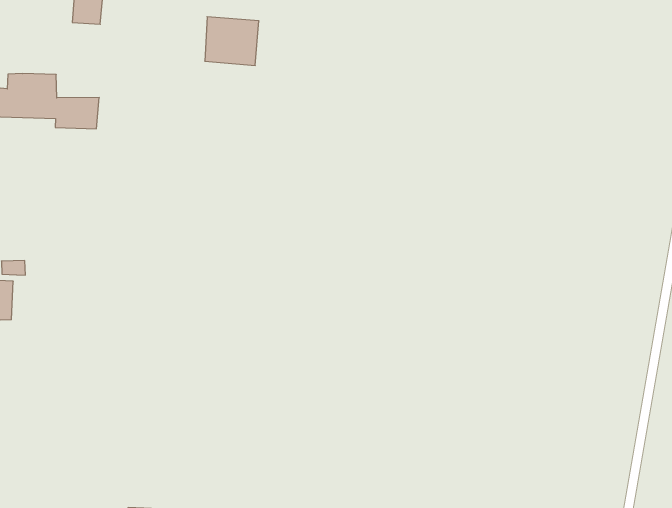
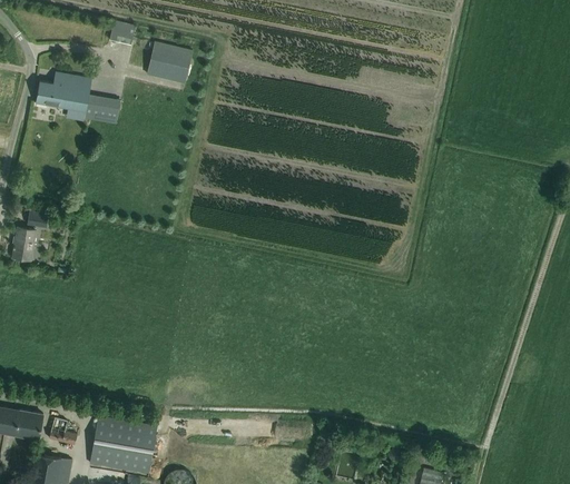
building: [205,17,259,65] -> [147,42,193,85]

